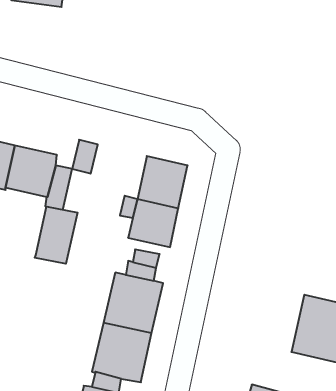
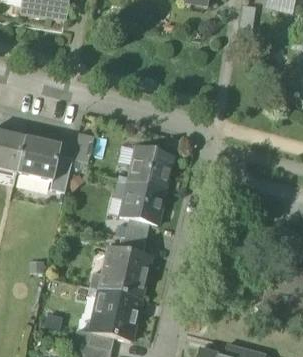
building: [35,207,78,264] -> none

